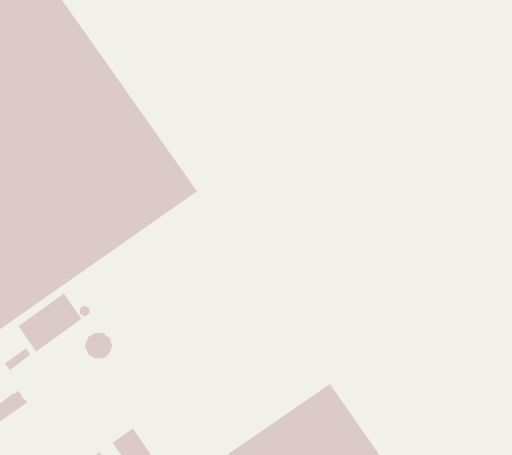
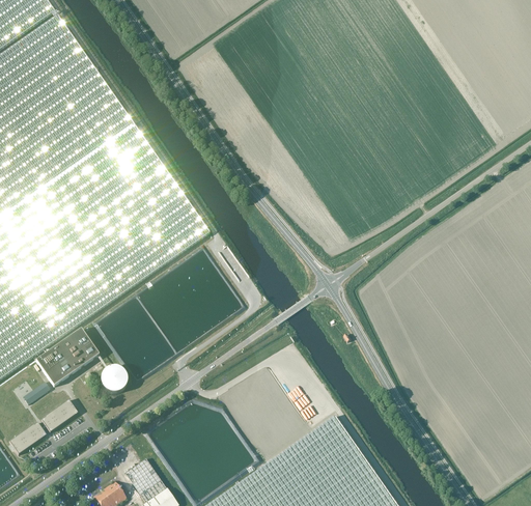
building: none -> [40,398,77,431]

